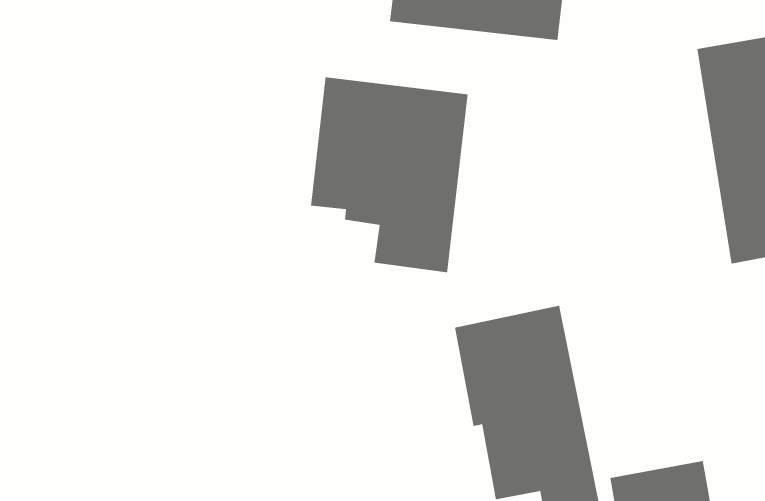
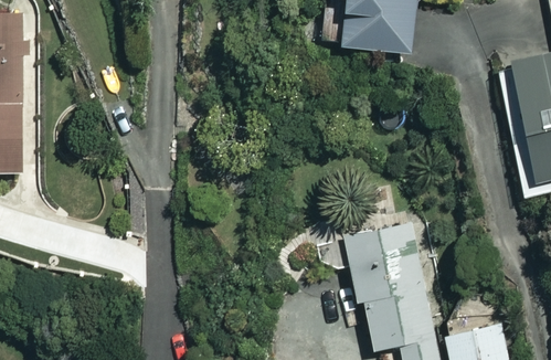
building: [311,77,468,273] -> none

